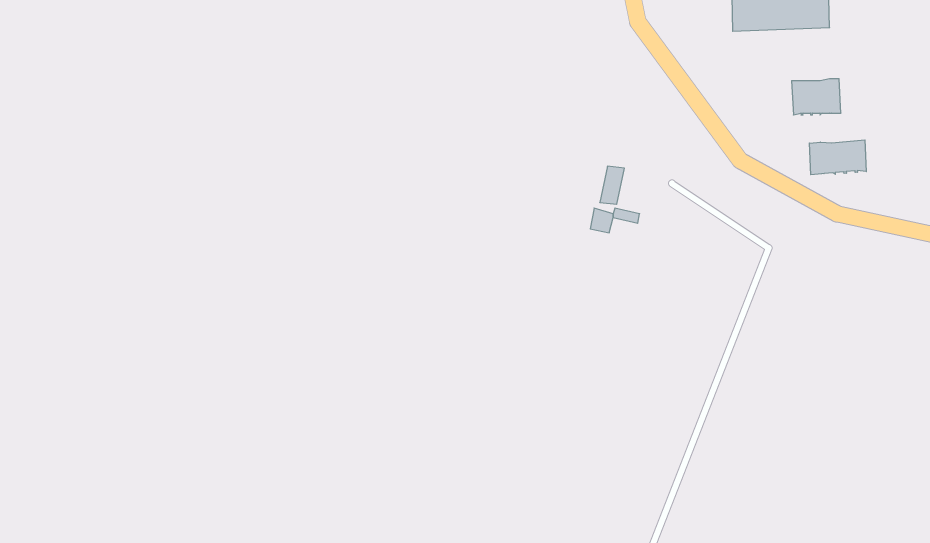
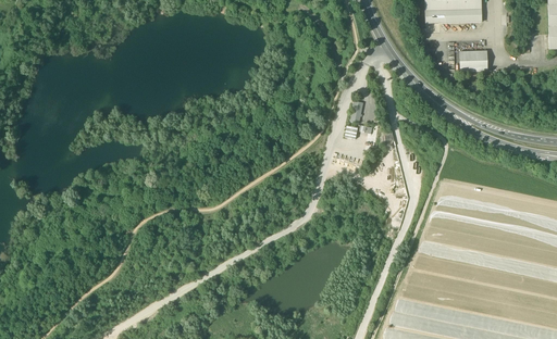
building: [809,140,866,175] -> none

